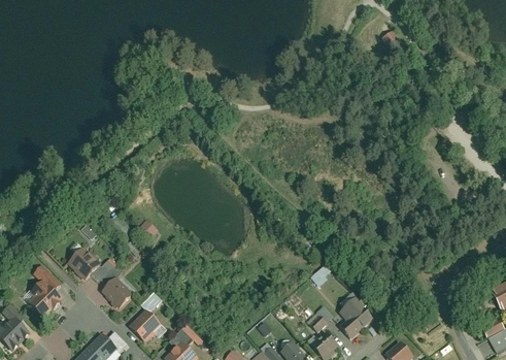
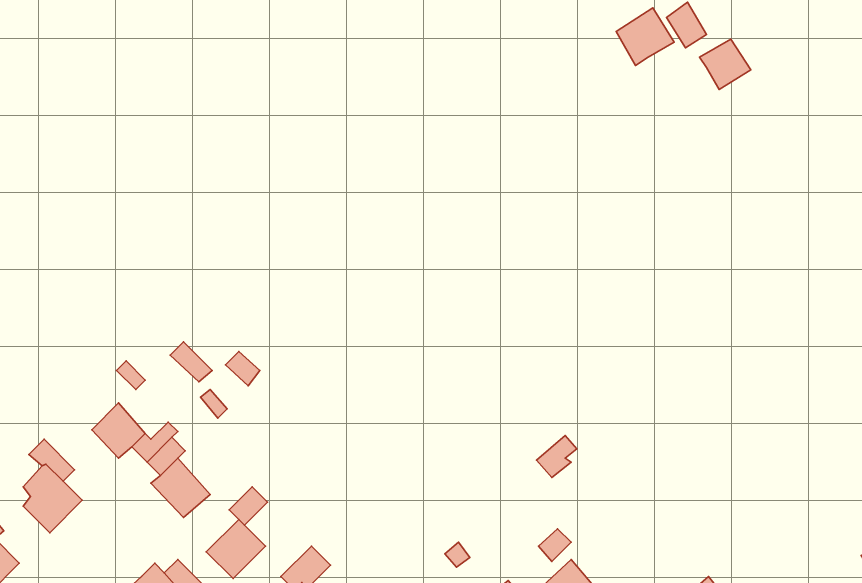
building: none -> [616,8,674,65]
building: none -> [699,39,751,90]
building: [338,297,373,338] -> none

